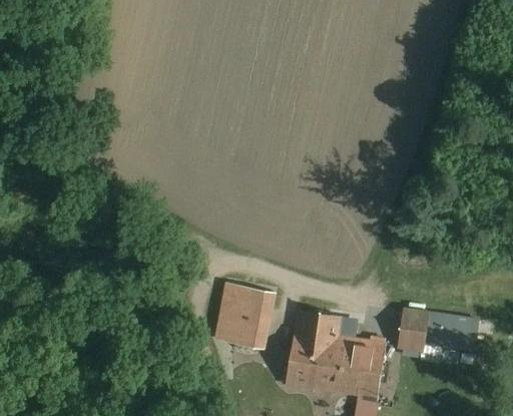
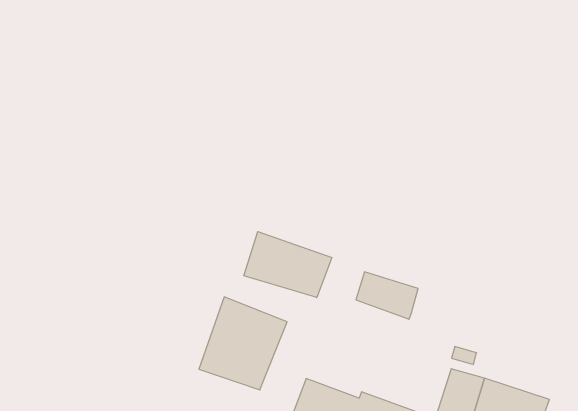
building: none -> [244,232,332,298]
building: [296,312,341,342] -> [356,272,418,319]

